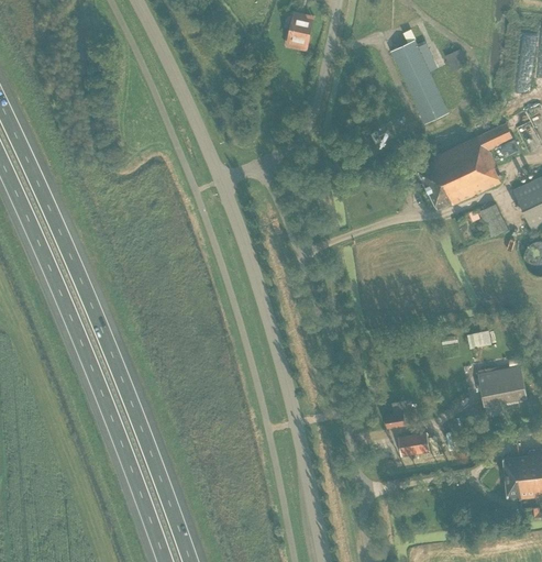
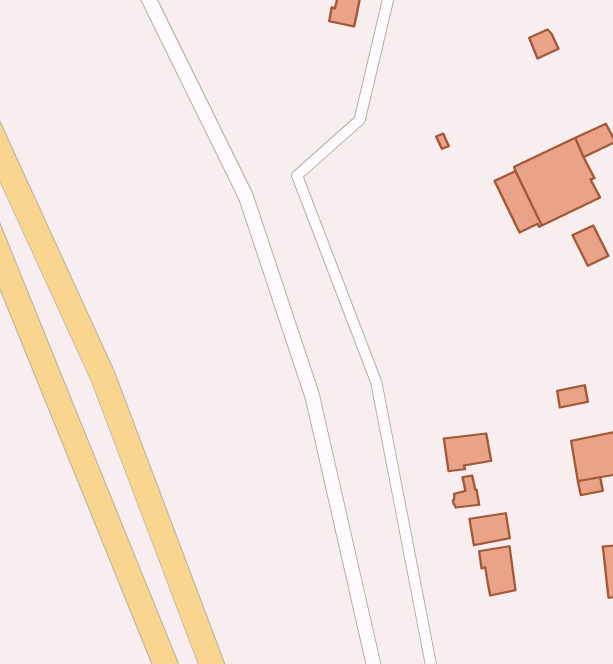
building: [391,41,449,124] -> none
building: none -> [444,433,491,471]
building: none -> [479,546,516,595]

